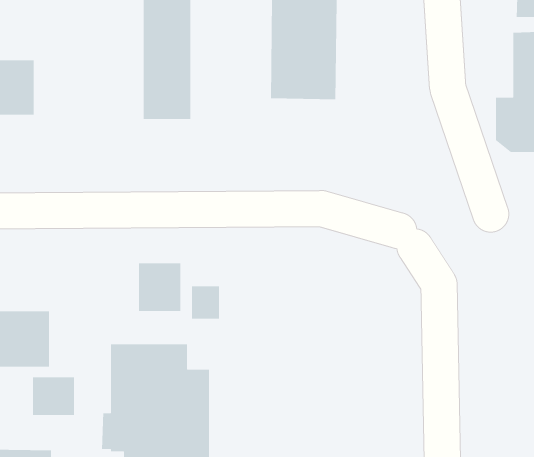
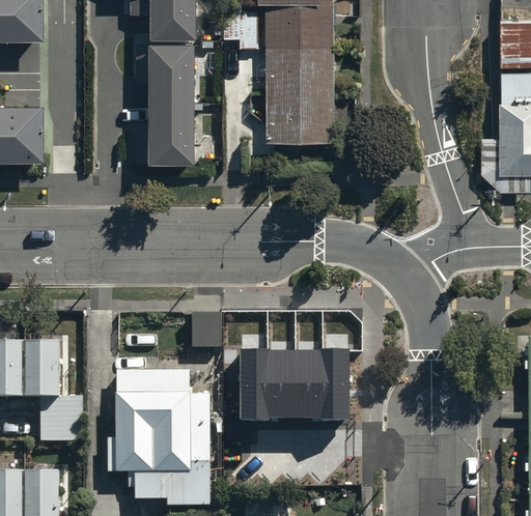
building: [138,262,181,312] -> none
building: none -> [242,351,348,422]

